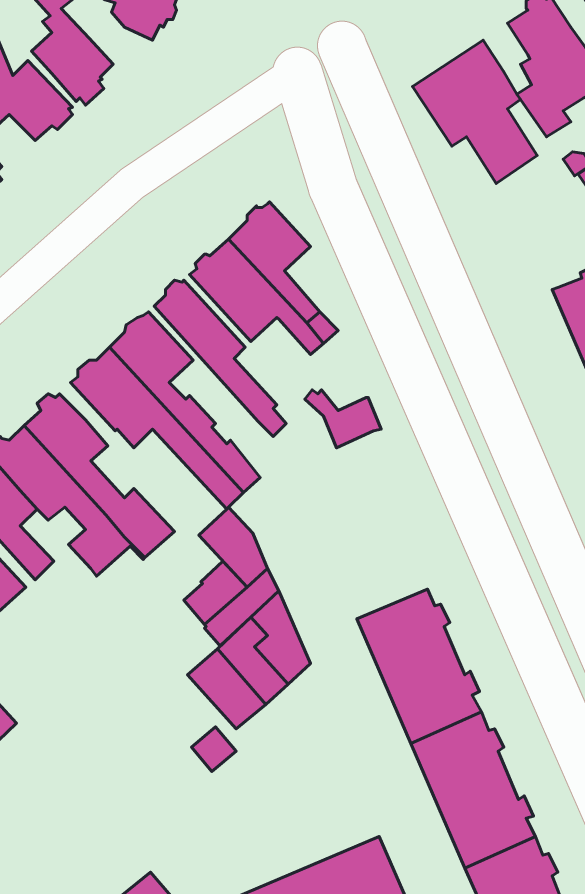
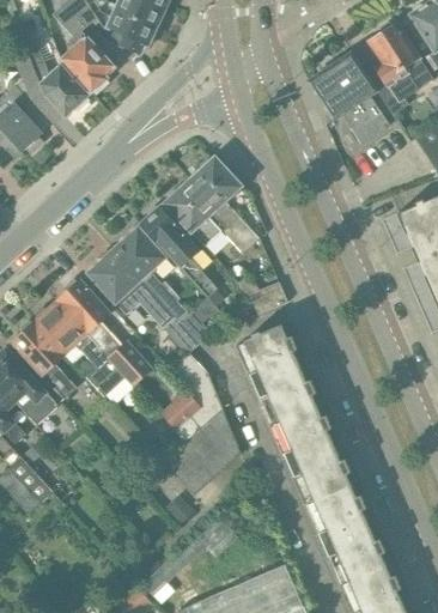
building: none -> [235,324,316,425]

